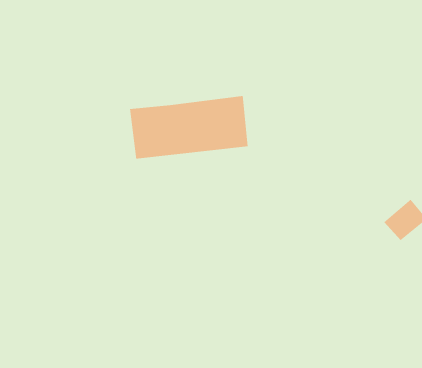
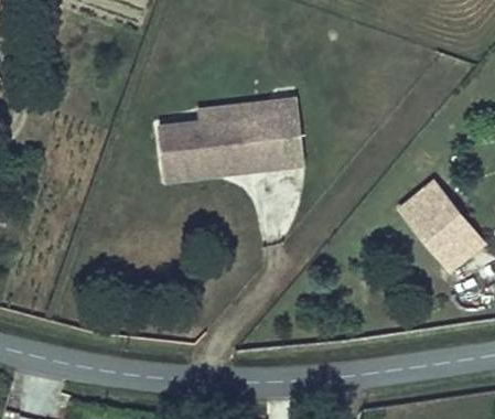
building: none -> [203,99,304,168]
building: none -> [398,184,458,247]

